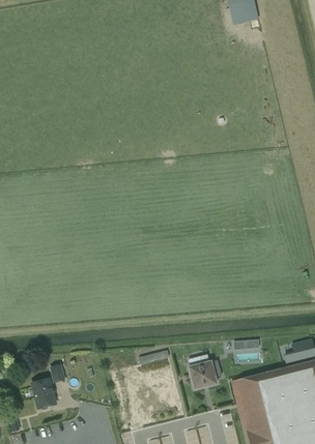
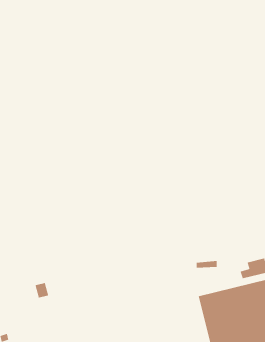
building: [189,361,221,390] -> none
building: [31,380,55,411] -> none

